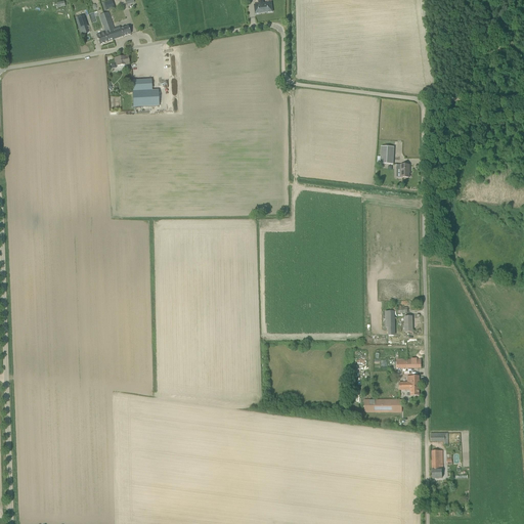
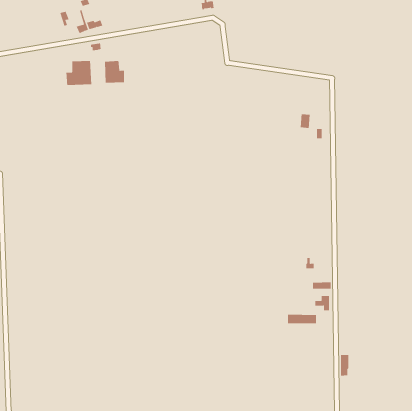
building: none -> [66,60,92,86]

